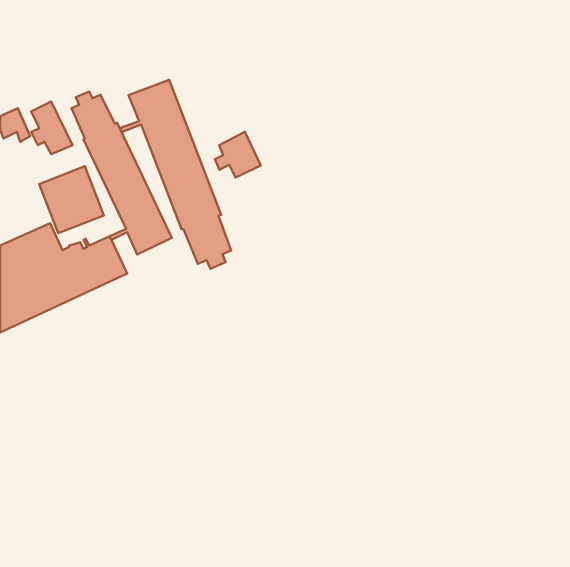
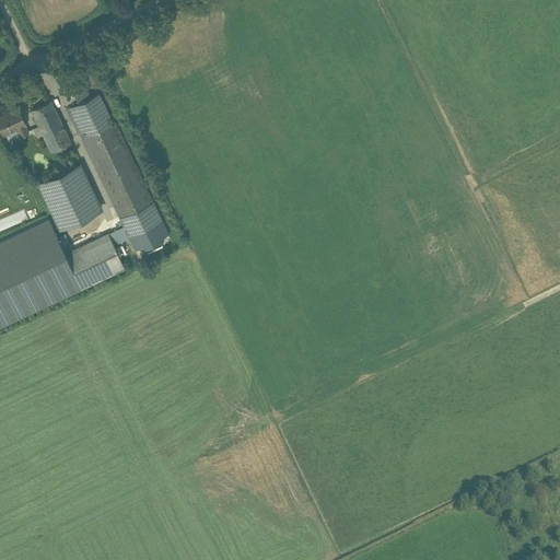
building: [121,80,231,269] -> none
building: [215,132,261,178] -> none

